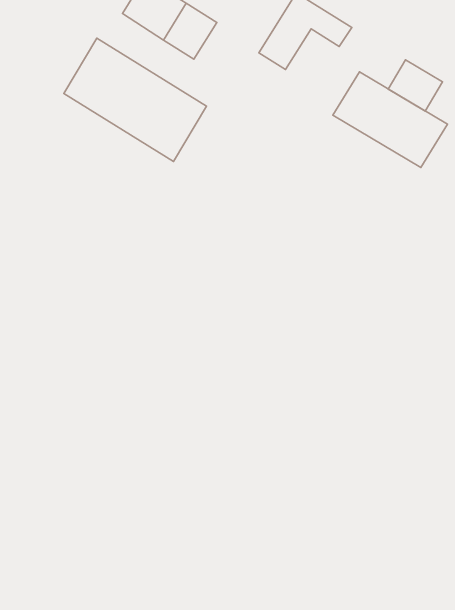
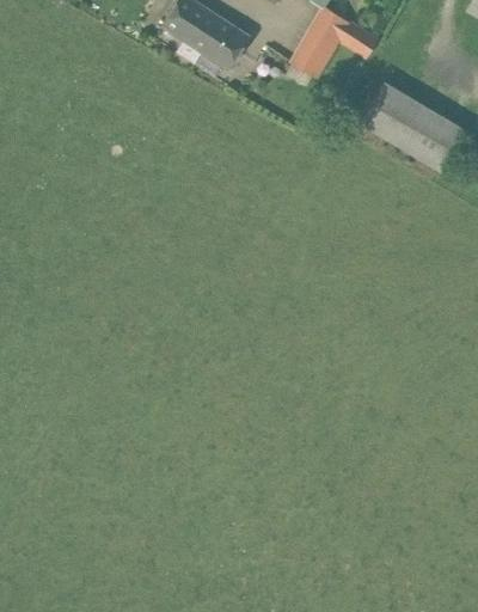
building: [64,38,206,162] -> none
building: [388,60,443,111] -> none

